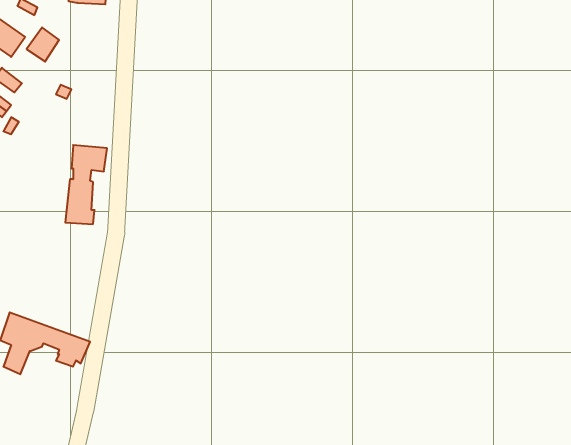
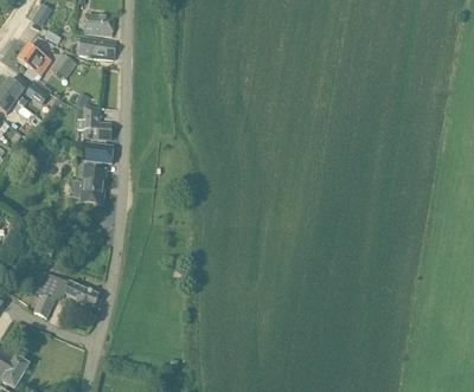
building: none -> [78,37,115,58]
building: none -> [76,108,110,137]

